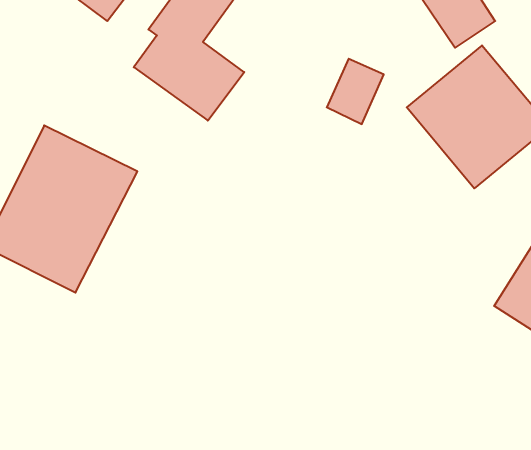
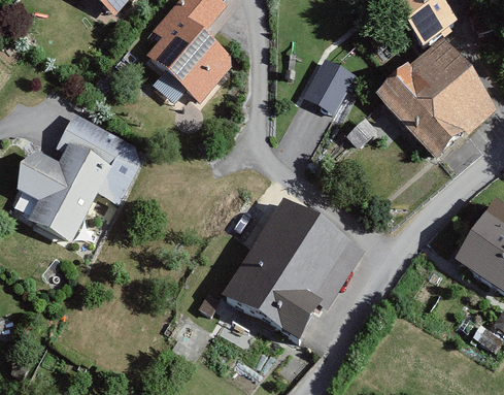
building: none -> [216,199,360,351]

